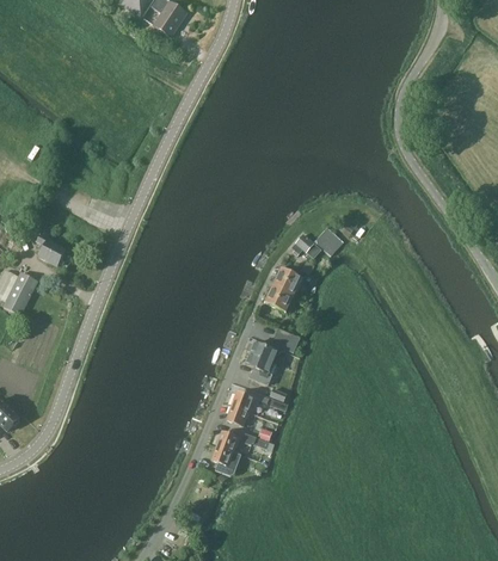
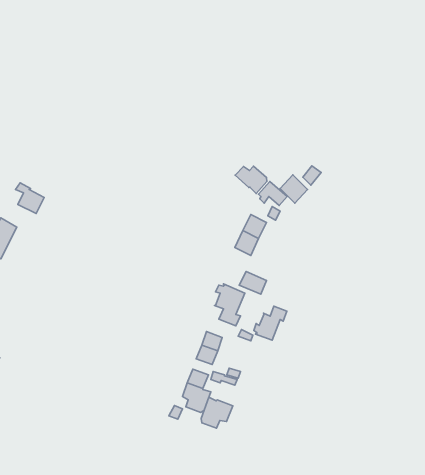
building: none -> [235,166,267,193]
building: none -> [254,306,287,340]
building: none -> [201,397,233,428]

